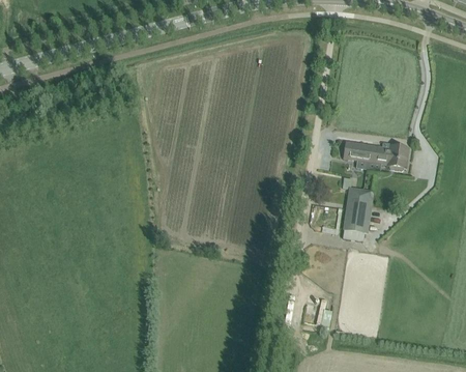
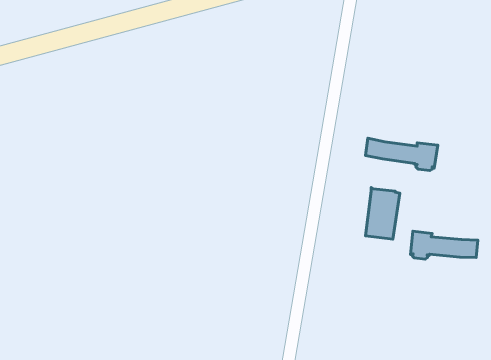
building: none -> [411,231,478,259]

